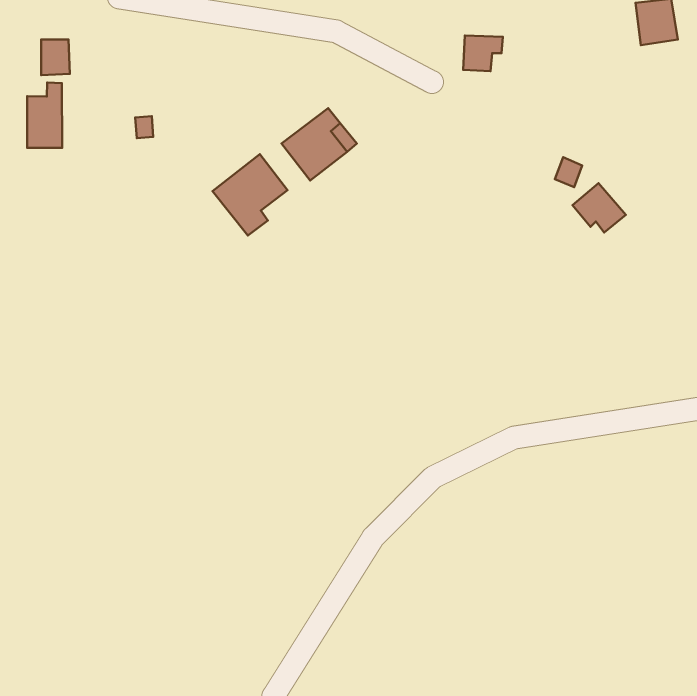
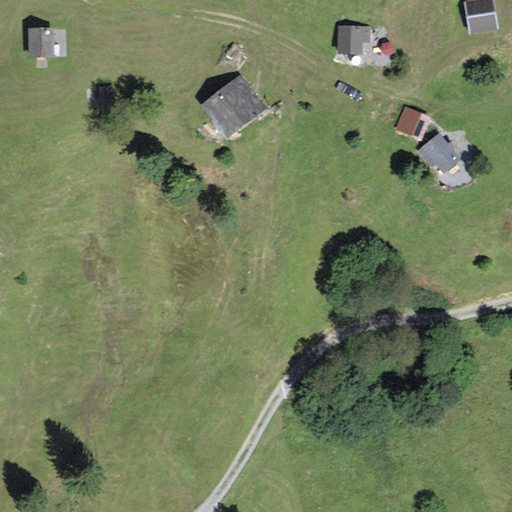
building: [27,83,62,148] -> none
building: [213,154,288,235] -> none

